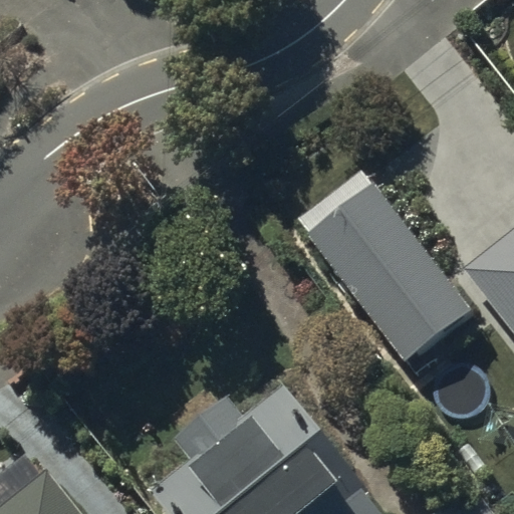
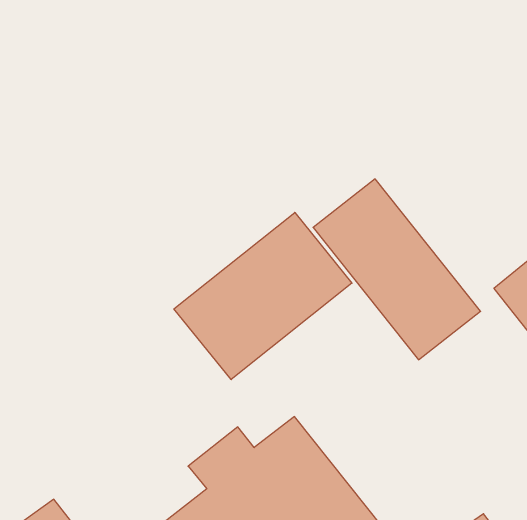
building: none -> [174,212,352,380]

